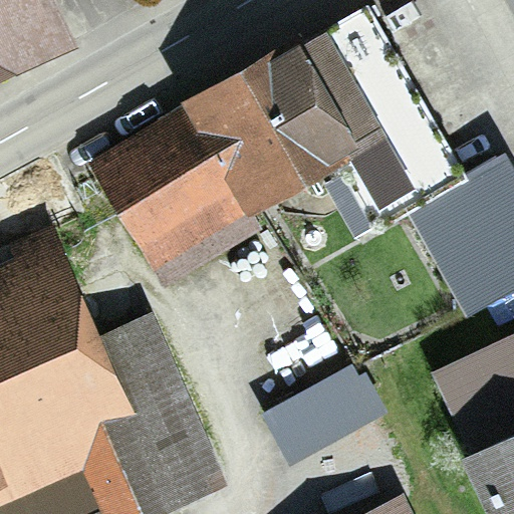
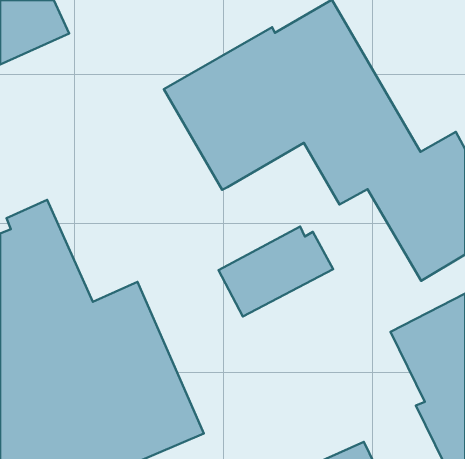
building: [84,104,261,290] -> none
building: [261,366,388,466] -> [218,227,333,316]

